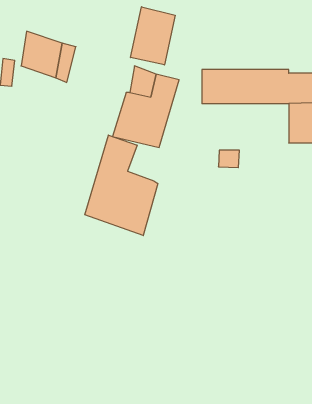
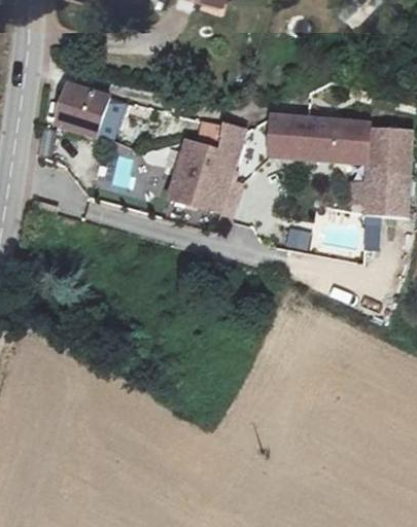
building: [131,7,175,65] -> none
building: [85,135,158,236] -> none

